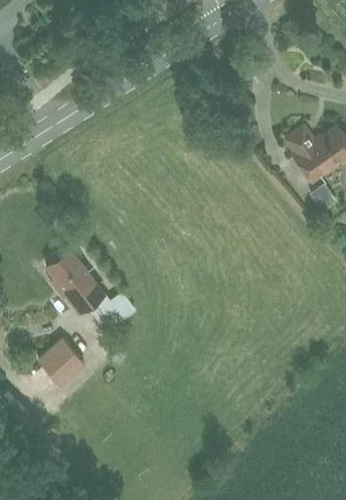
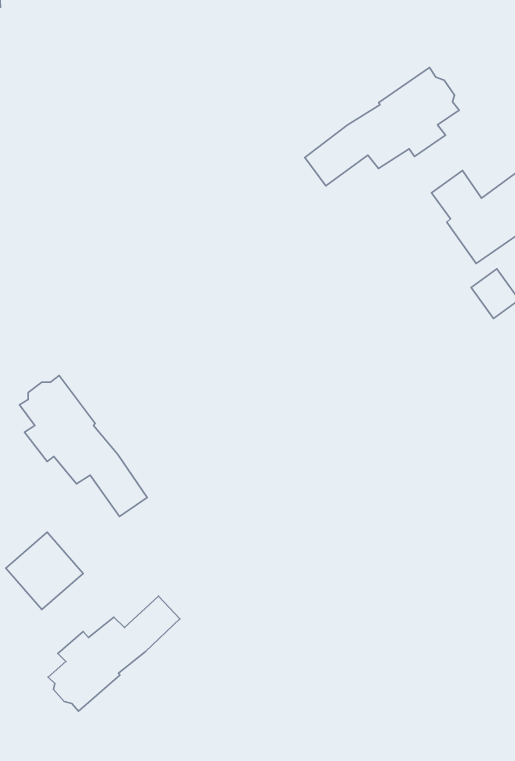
building: none -> [305,68,459,186]
building: none -> [48,596,180,711]

